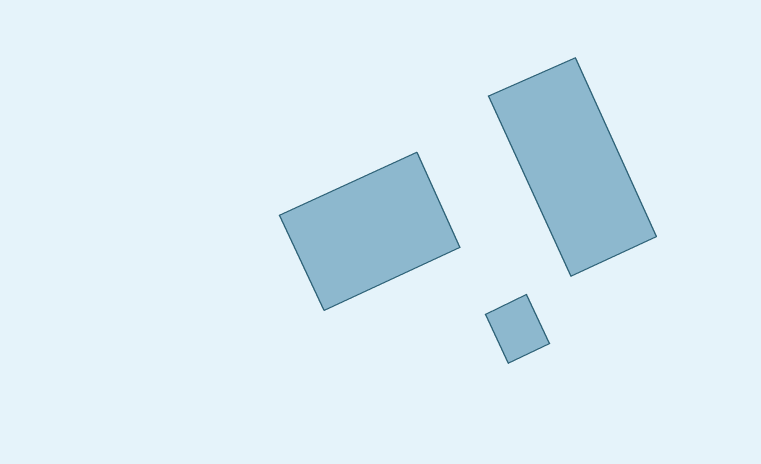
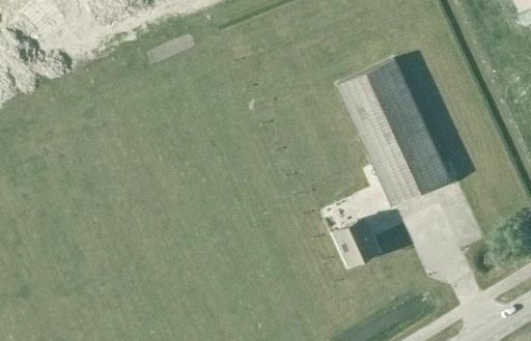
building: [279,152,460,310] -> none

